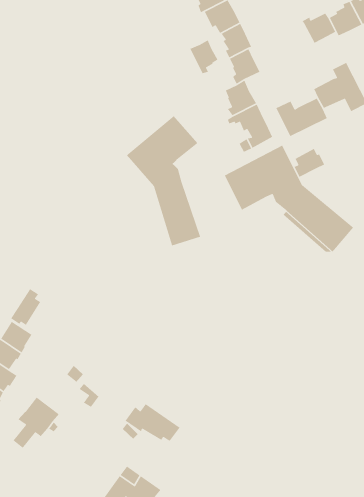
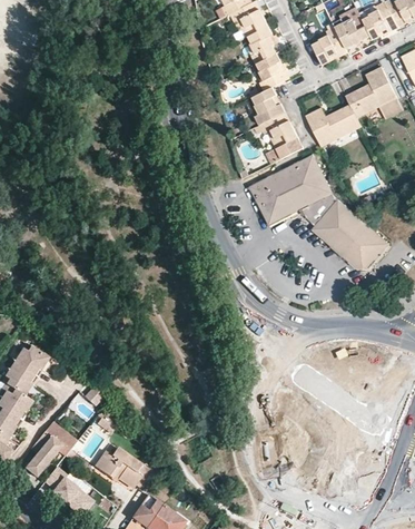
building: none -> [312,27,347,65]
building: [189,39,219,74] -> none
building: [126,115,201,246] -> none
building: [294,148,325,178] -> none
building: [10,288,41,326] -> none
building: [125,403,180,442] -> [95,448,154,489]
building: none -> [45,467,93,516]

